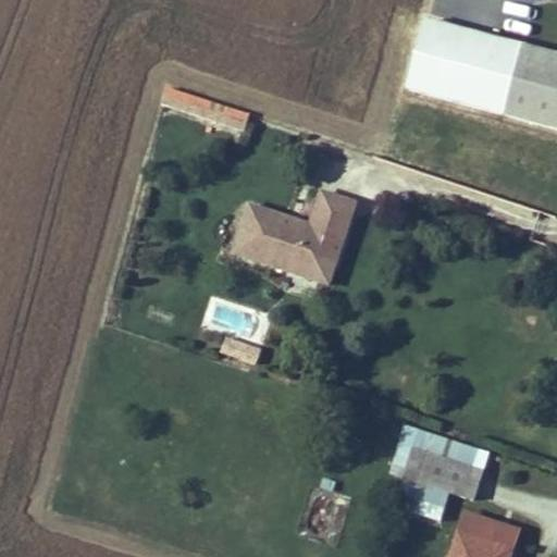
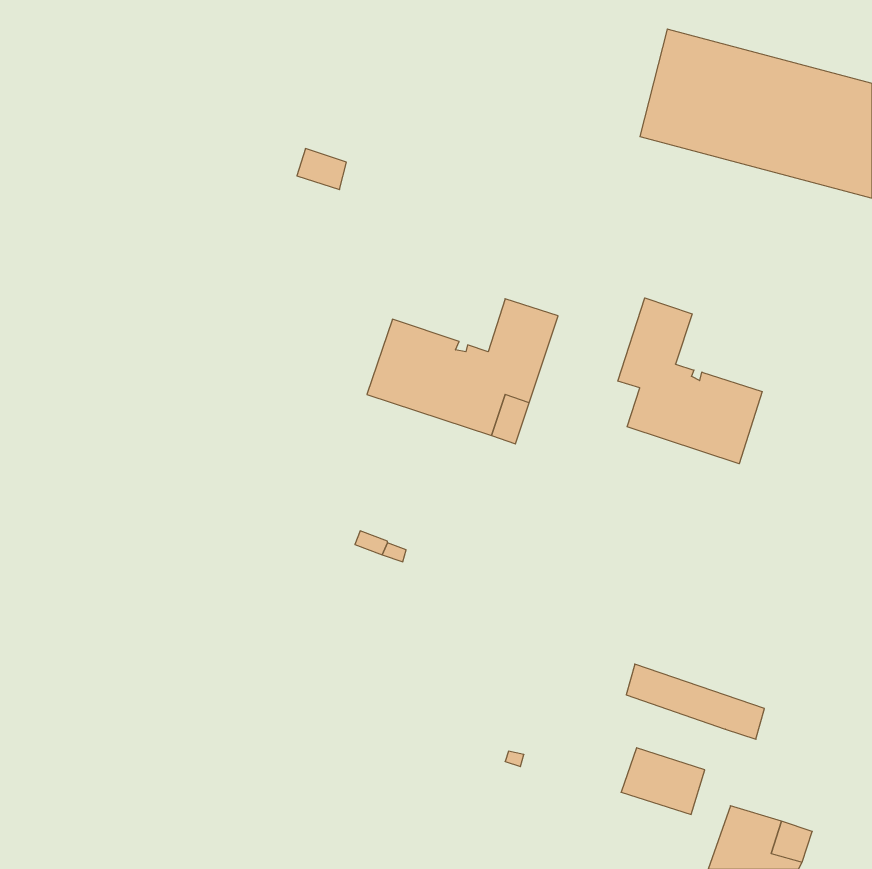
building: none -> [618,298,762,464]
building: [391,443,482,498] -> none

